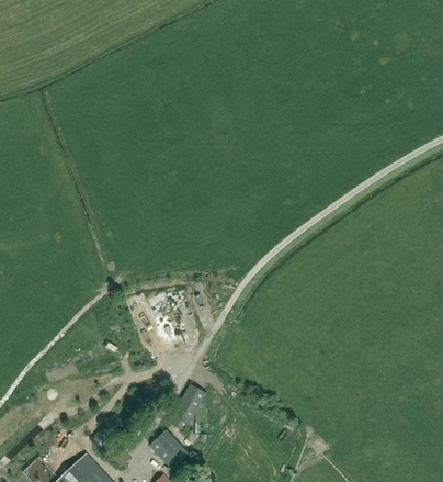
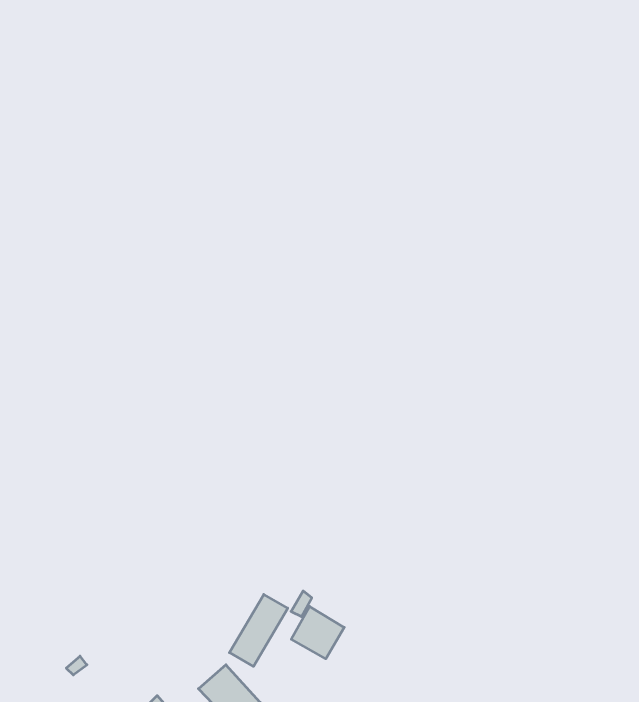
building: none -> [291,606,344,659]

